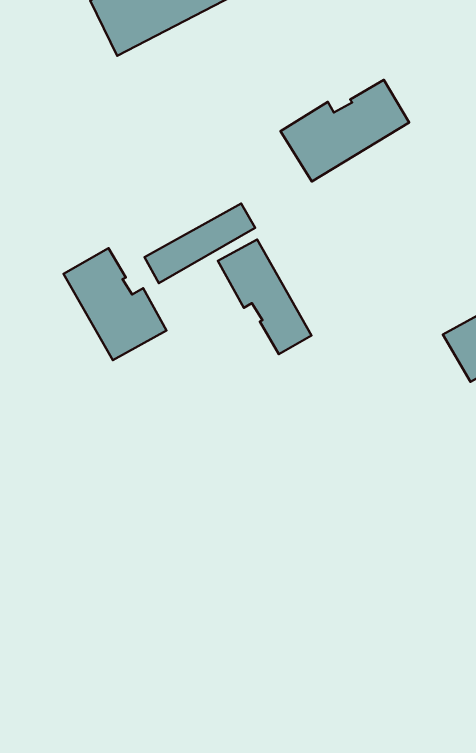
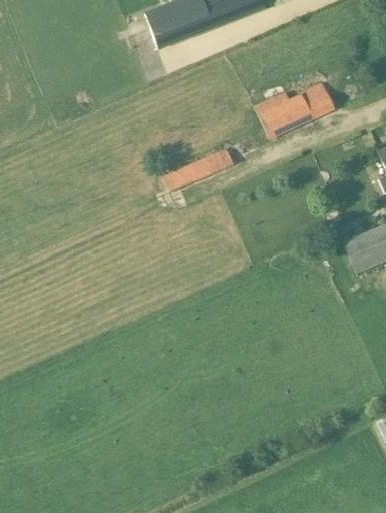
building: [218,240,312,354] -> none
building: [64,248,166,360] -> none

